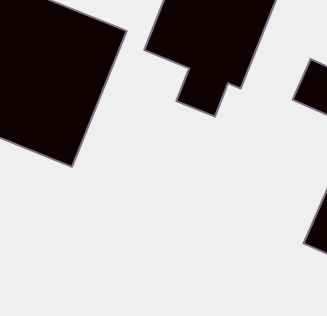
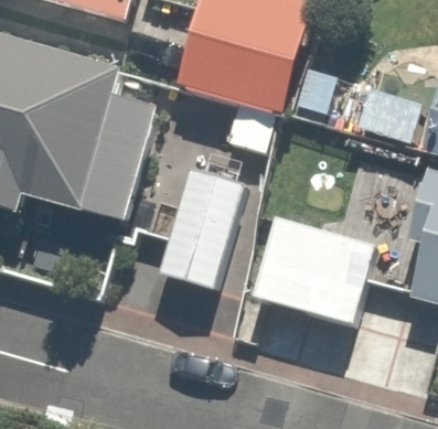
building: none -> [163,154,256,287]
building: none -> [259,222,383,326]

